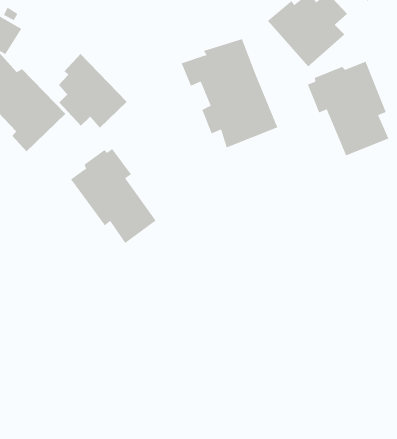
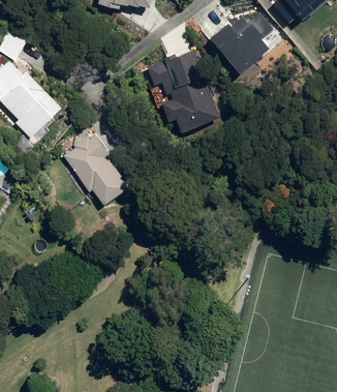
building: [58,53,128,128] -> none
building: [307,61,389,156] -> none

